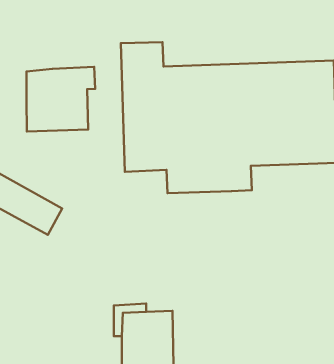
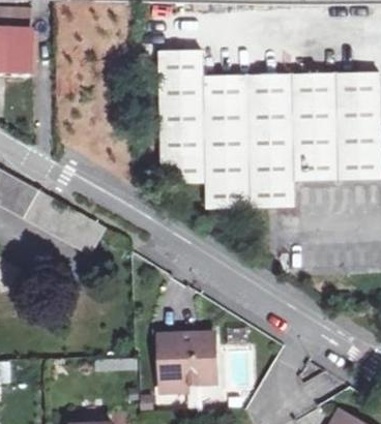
building: [26,67,95,131] -> none

